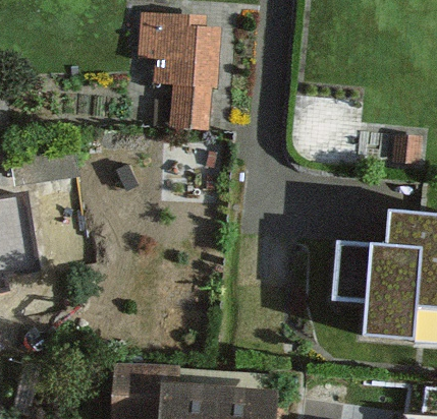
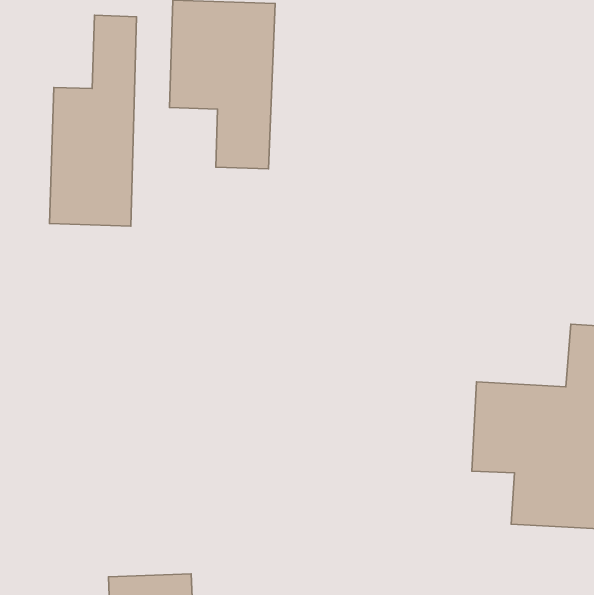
building: none -> [49,15,137,226]

